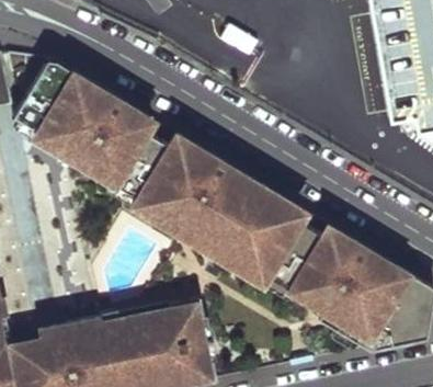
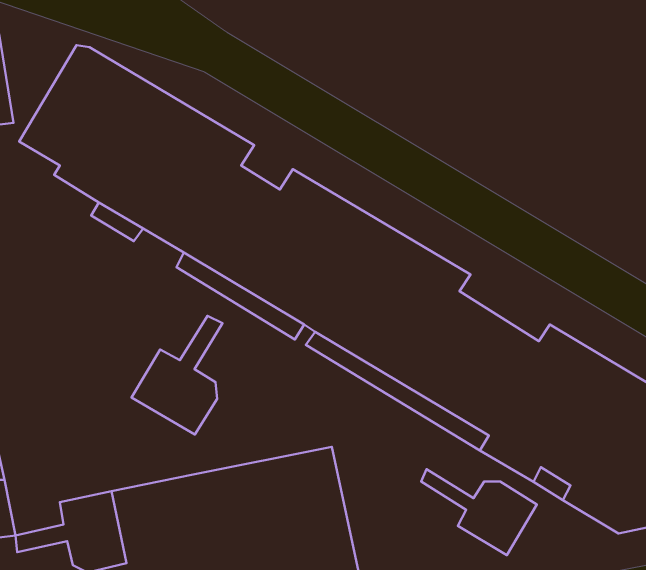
building: none -> [131,316,223,435]
building: none -> [421,469,537,555]

